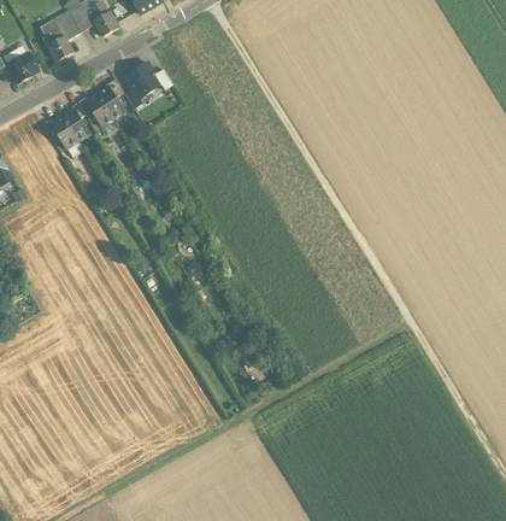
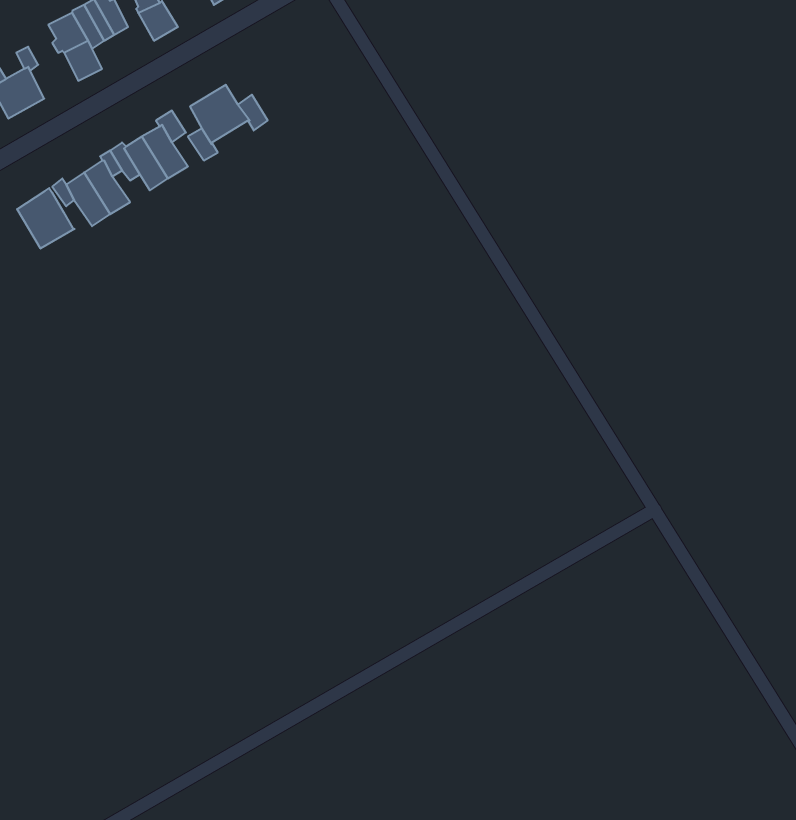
building: none -> [17,188,75,249]

